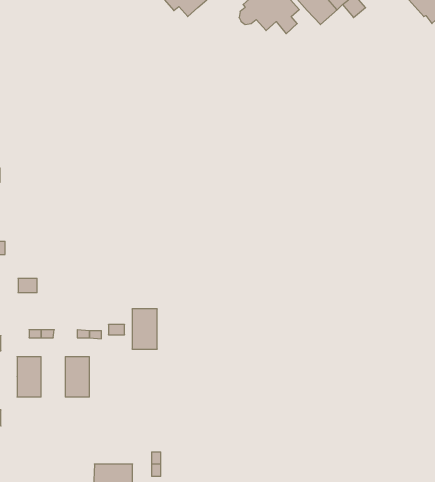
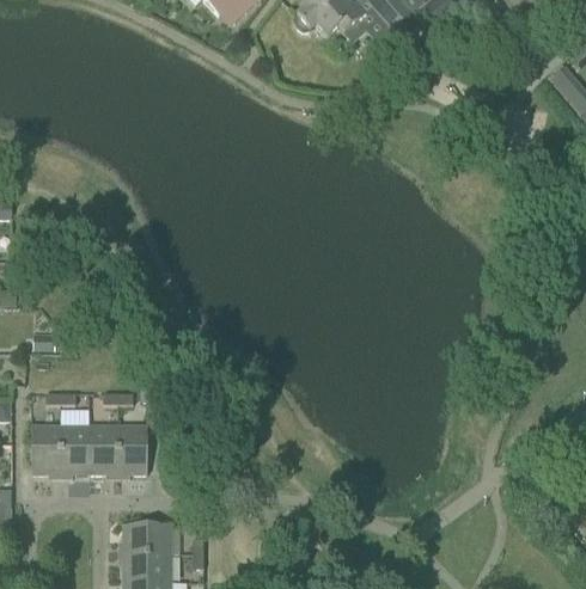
building: [132,309,157,349] -> [117,427,147,474]
building: none -> [60,427,88,474]
building: none -> [123,524,170,554]

